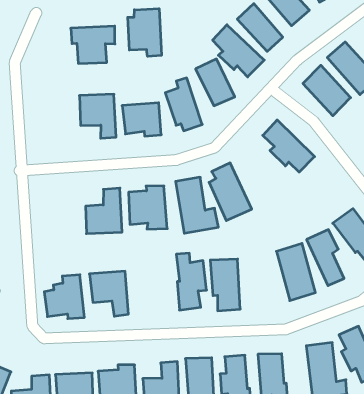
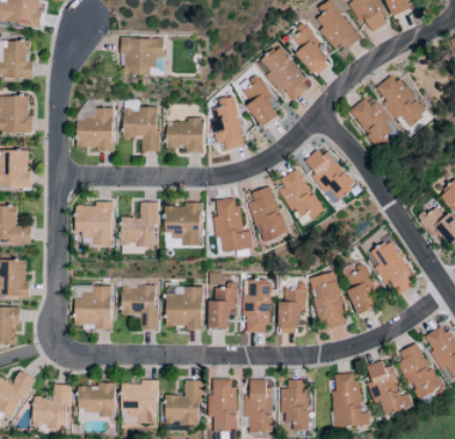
building: [128,9,161,56] -> none
building: none -> [77,108,113,151]
building: none -> [280,169,323,219]
building: none -> [74,202,113,245]
building: none -> [278,288,305,333]
building: none -> [165,286,201,328]

